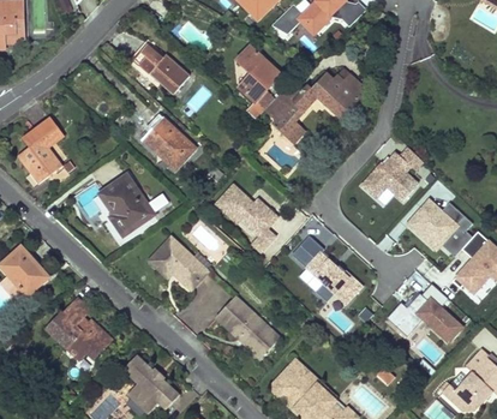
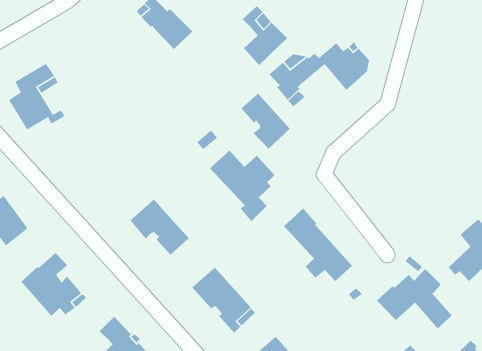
building: [144,115,194,167] -> none
building: none -> [240,93,291,149]
building: [363,148,424,200] -> none
building: [91,174,155,235] -> none
building: [405,196,473,252] -> none

